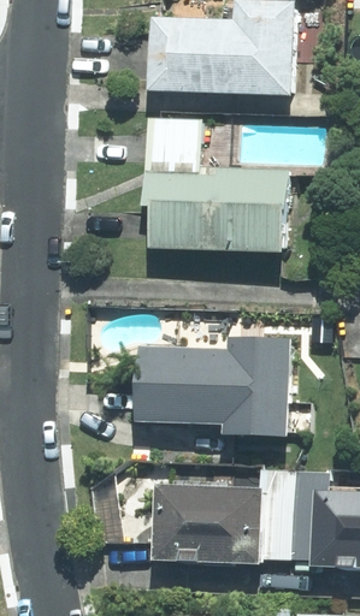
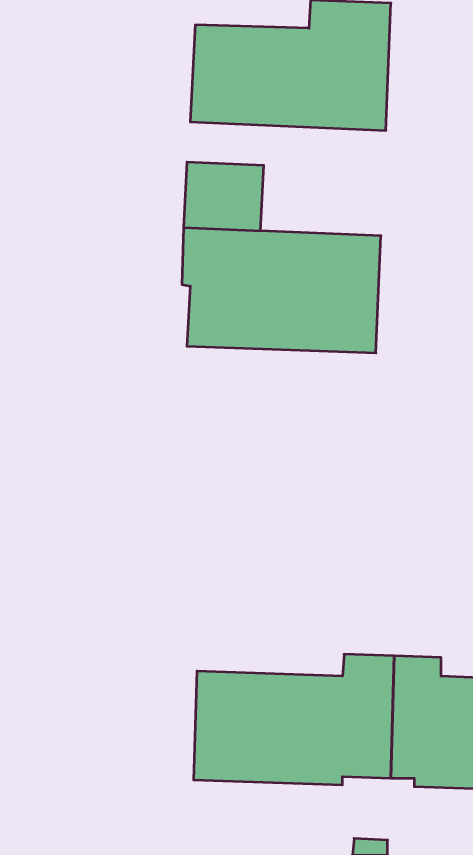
building: [135,337,311,436] -> none

